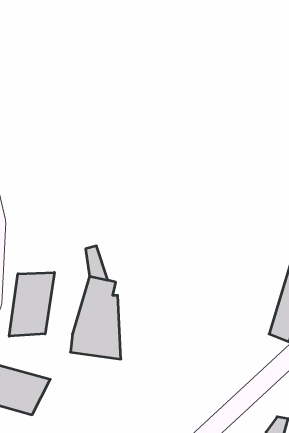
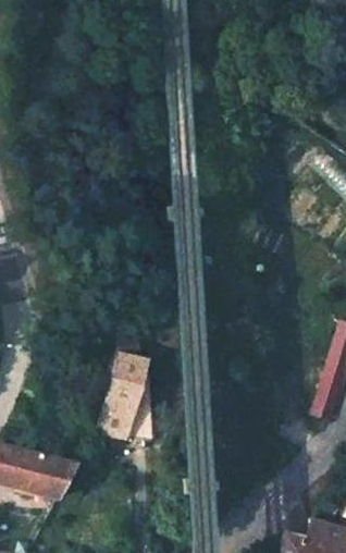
building: [9,272,54,336] -> none

